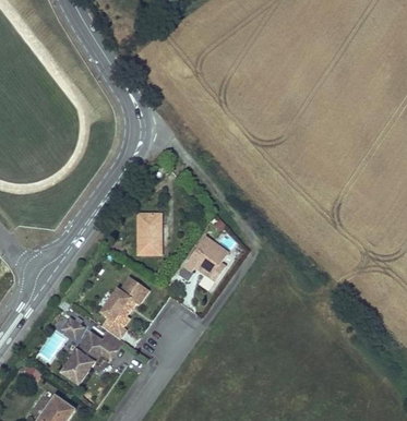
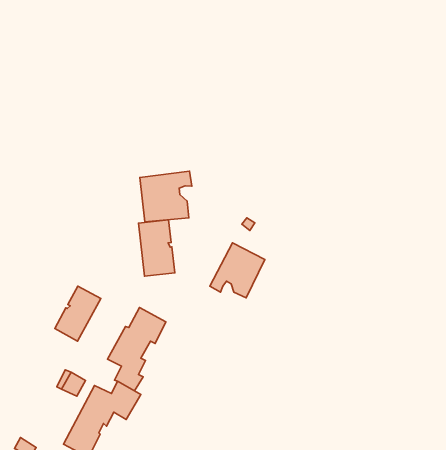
building: none -> [140,171,192,222]
building: none -> [55,286,101,341]

